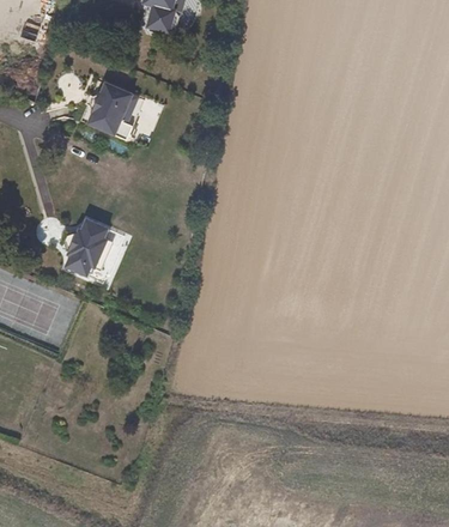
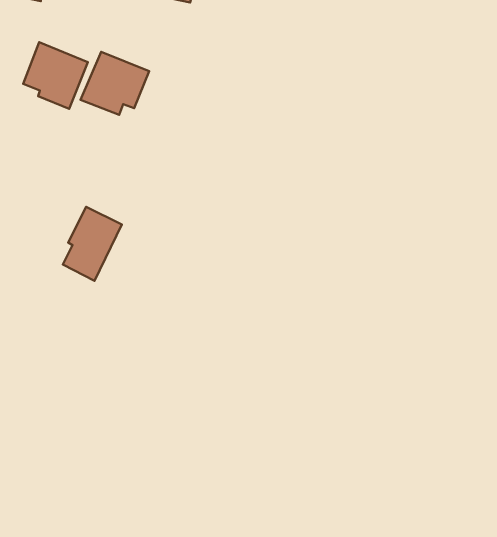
building: none -> [23,42,88,109]

